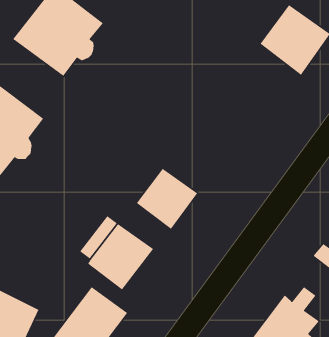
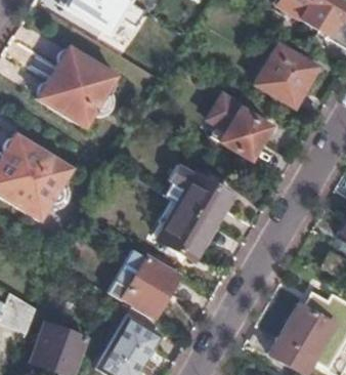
building: none -> [209,93,270,157]
building: none -> [166,165,231,220]

